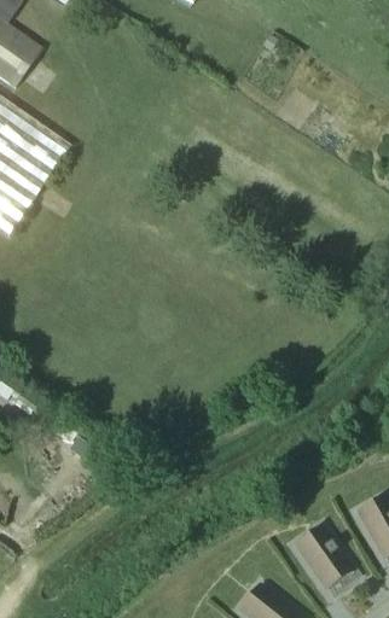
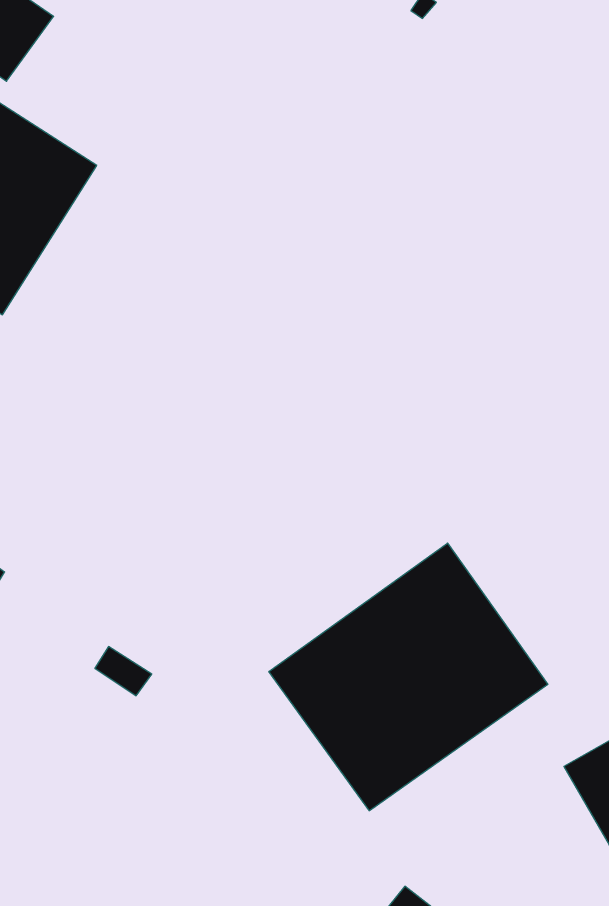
building: none -> [269,543,548,811]
building: [294,525,352,589] -> none

